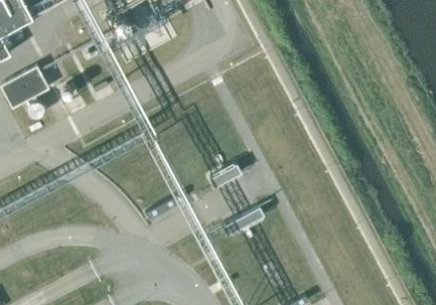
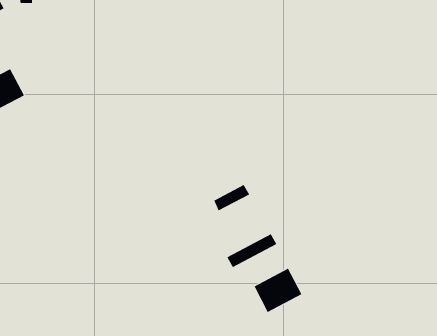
building: none -> [254,268,302,313]

